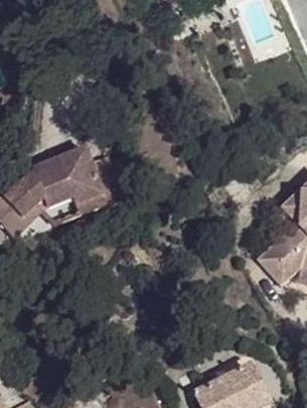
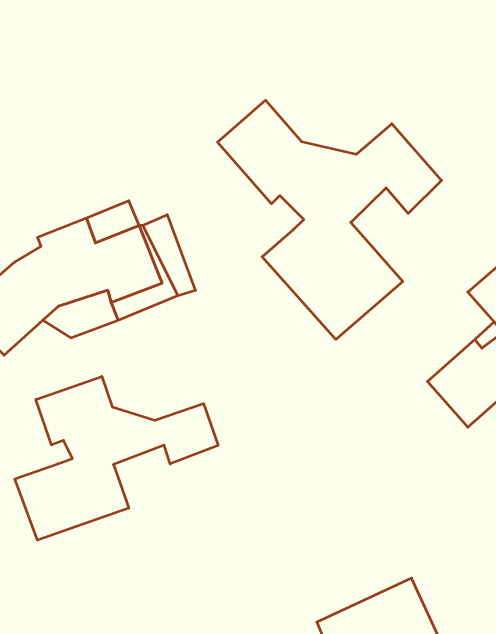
building: none -> [218,100,442,339]
building: none -> [15,376,218,540]

